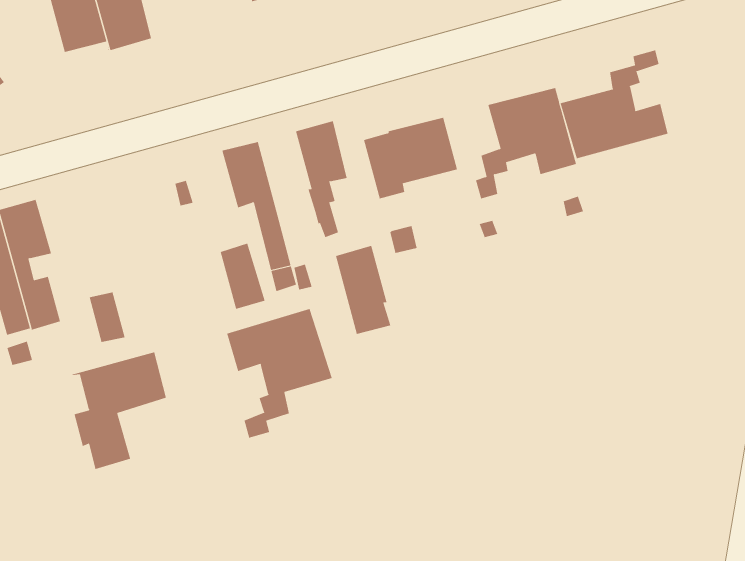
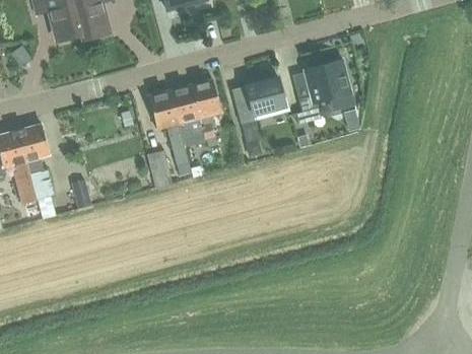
building: [560,50,668,159] -> none
building: [335,245,391,334] -> [170,85,202,137]
building: [227,308,333,439] -> none
building: [71,352,167,470] -> none

